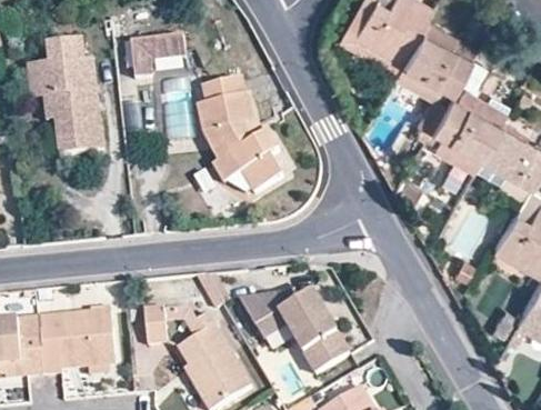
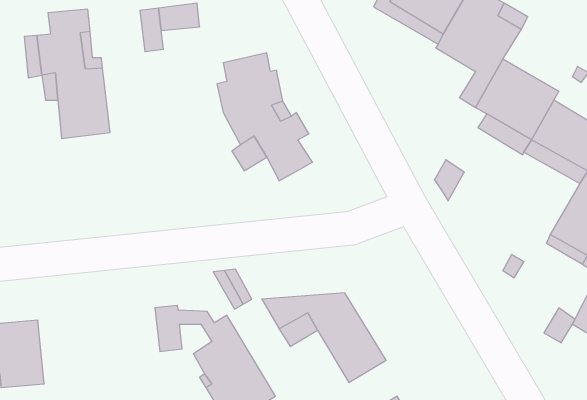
building: [39,306,116,373] -> none

